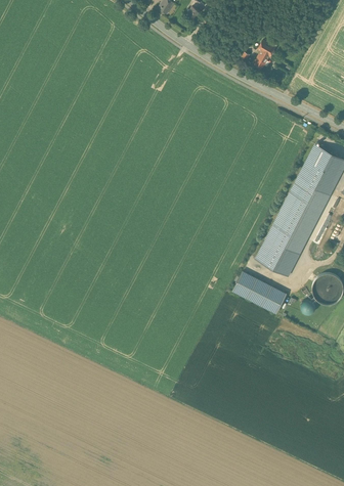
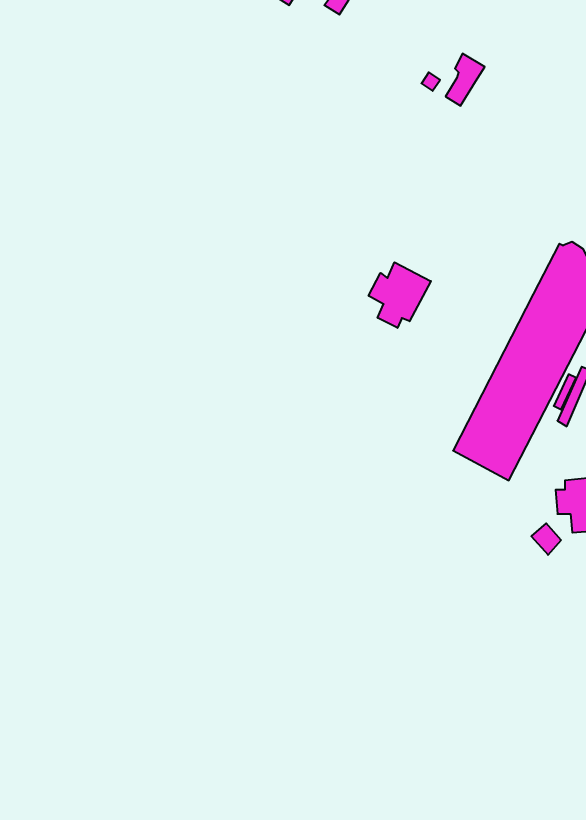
building: none -> [369,262,431,328]
building: [231,270,287,312] -> none

